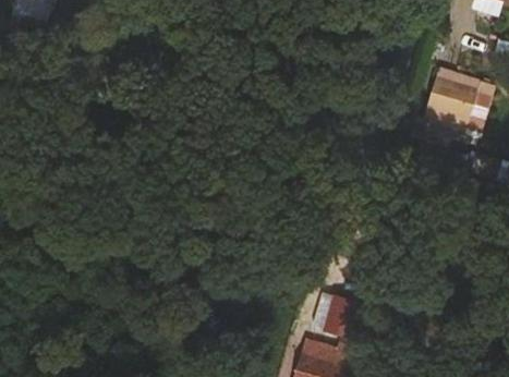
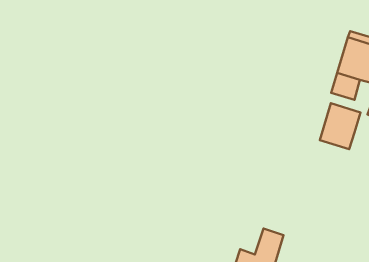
building: none -> [320,103,361,149]

